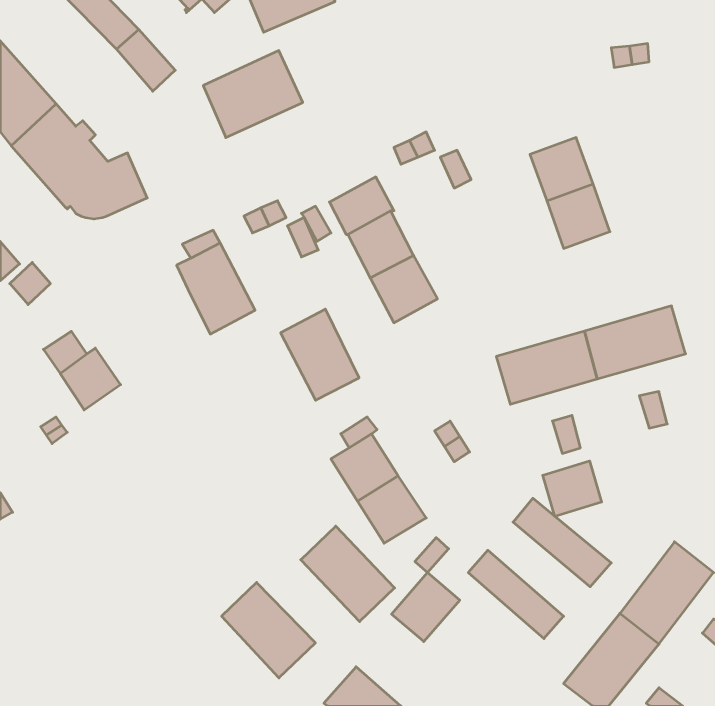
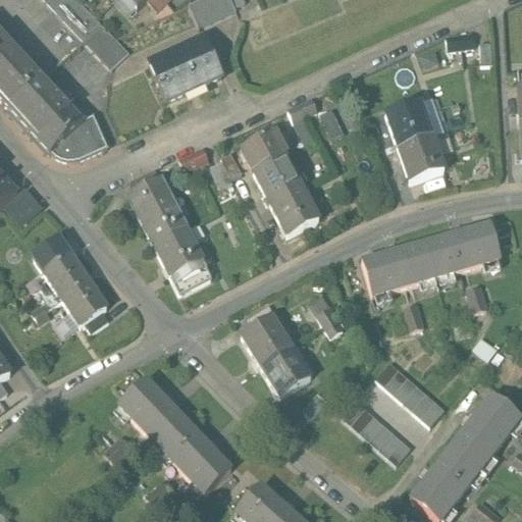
building: [281,309,359,400] -> [154,225,211,292]
building: none -> [62,279,106,324]
building: [543,461,602,516] -> none
building: [301,526,395,622] -> [119,378,188,448]
building: [392,573,460,642] -> none

